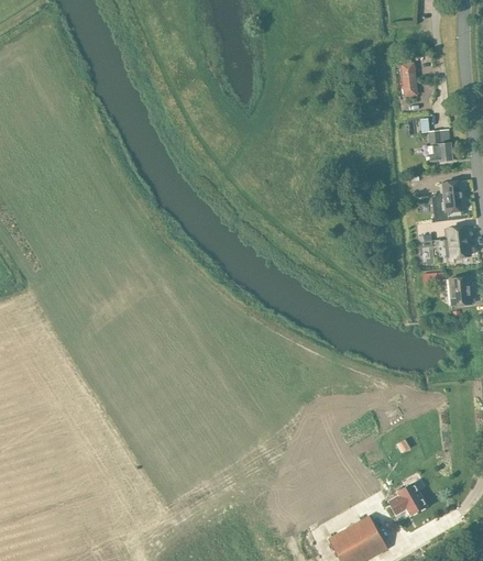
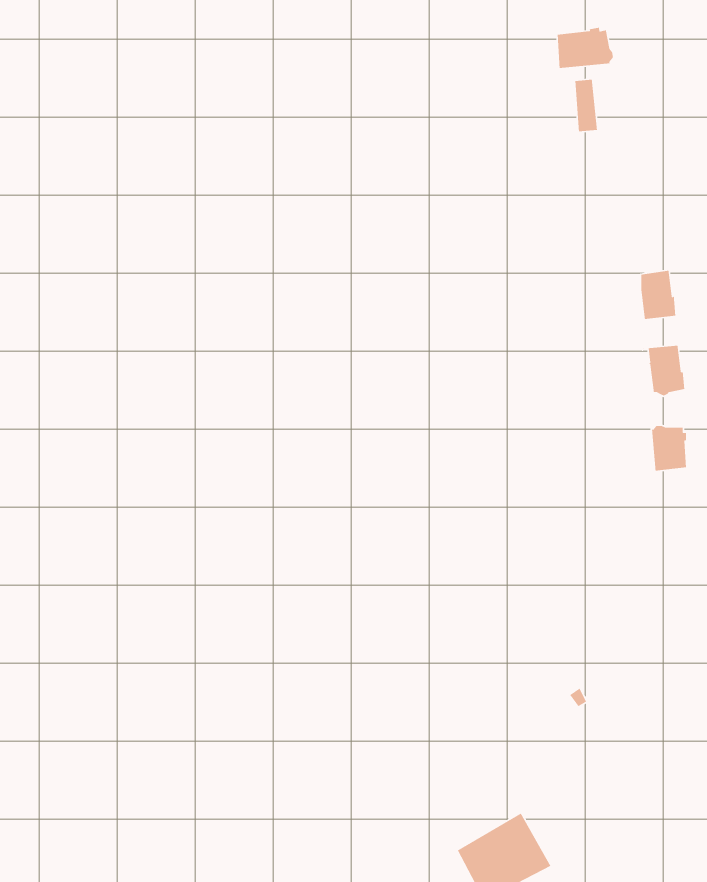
building: none -> [557,27,614,69]
building: [427,130,451,163] -> none
building: [387,484,425,515] -> none

